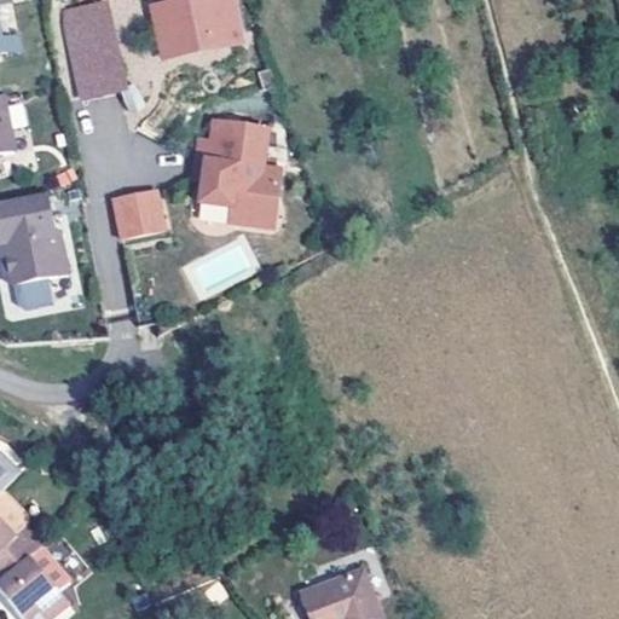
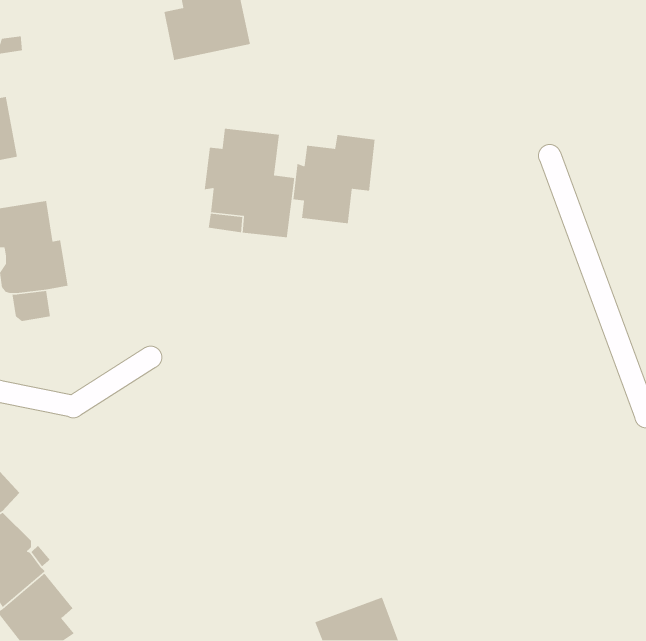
building: [64,5,123,98] -> none
building: none -> [293,134,375,224]
building: [112,189,164,236] -> none

